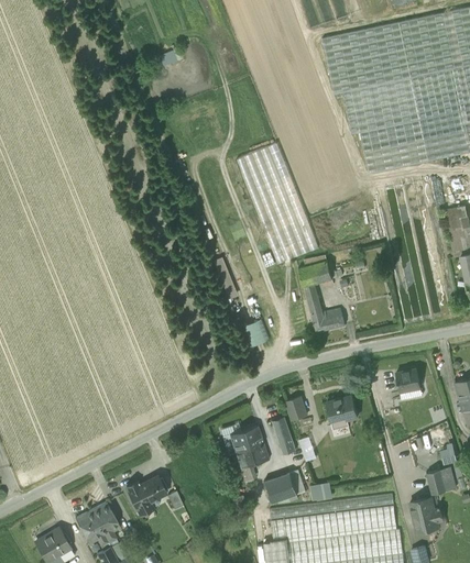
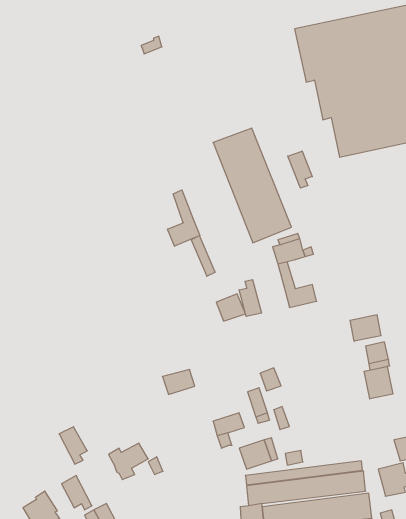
building: none -> [288,151,312,188]
building: none -> [168,190,200,246]
building: none -> [239,280,262,316]
building: none -> [350,315,381,341]
building: none -> [364,366,393,399]
building: [326,396,358,429] -> none
building: [229,427,263,453] -> [162,369,195,394]
building: [91,503,121,542] -> [59,427,87,464]

